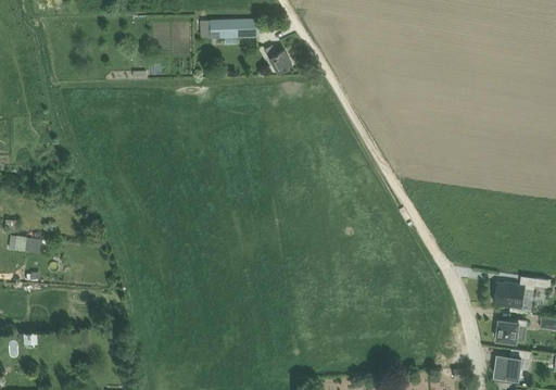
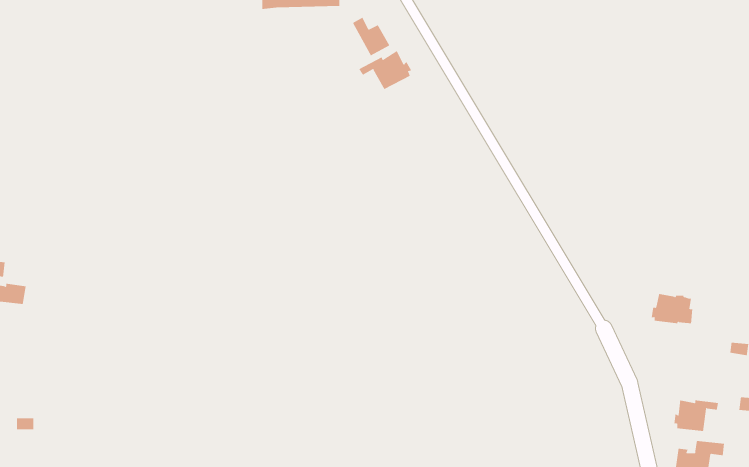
building: none -> [359,50,412,90]
building: [493,284,523,305] -> [651,294,693,324]

